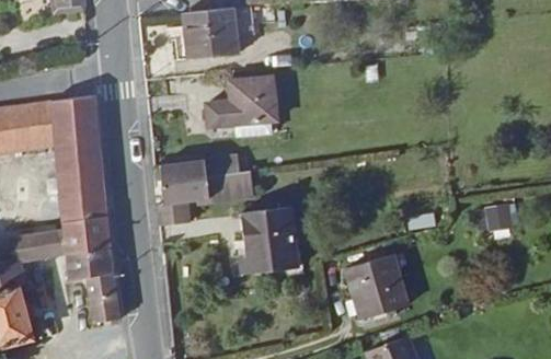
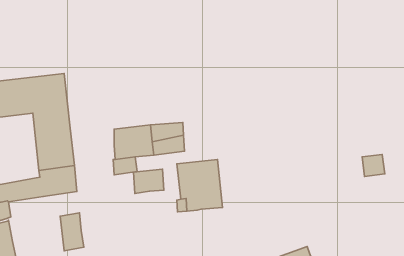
building: [184,9,256,63] -> none
building: [205,80,275,140] -> none
building: none -> [133,169,164,193]
building: [67,250,114,285] -> none
building: [345,253,404,316] -> none

